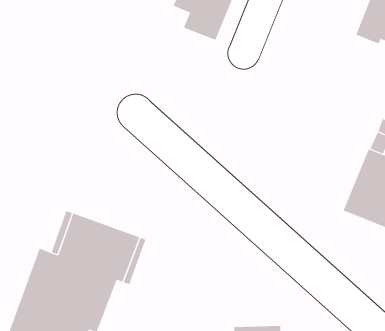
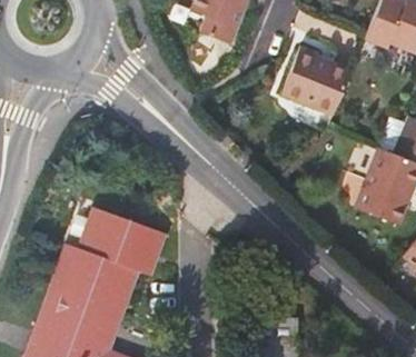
building: none -> [284,44,353,116]

